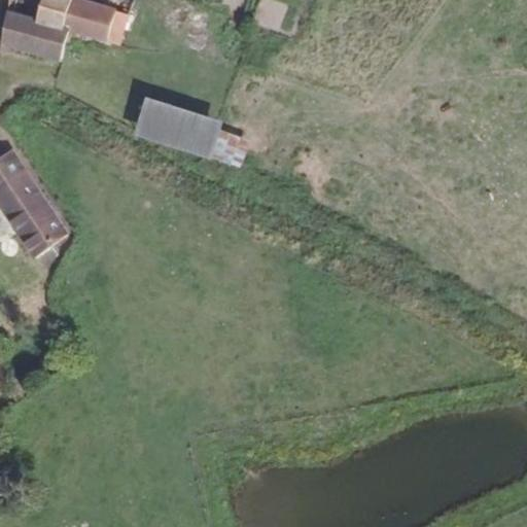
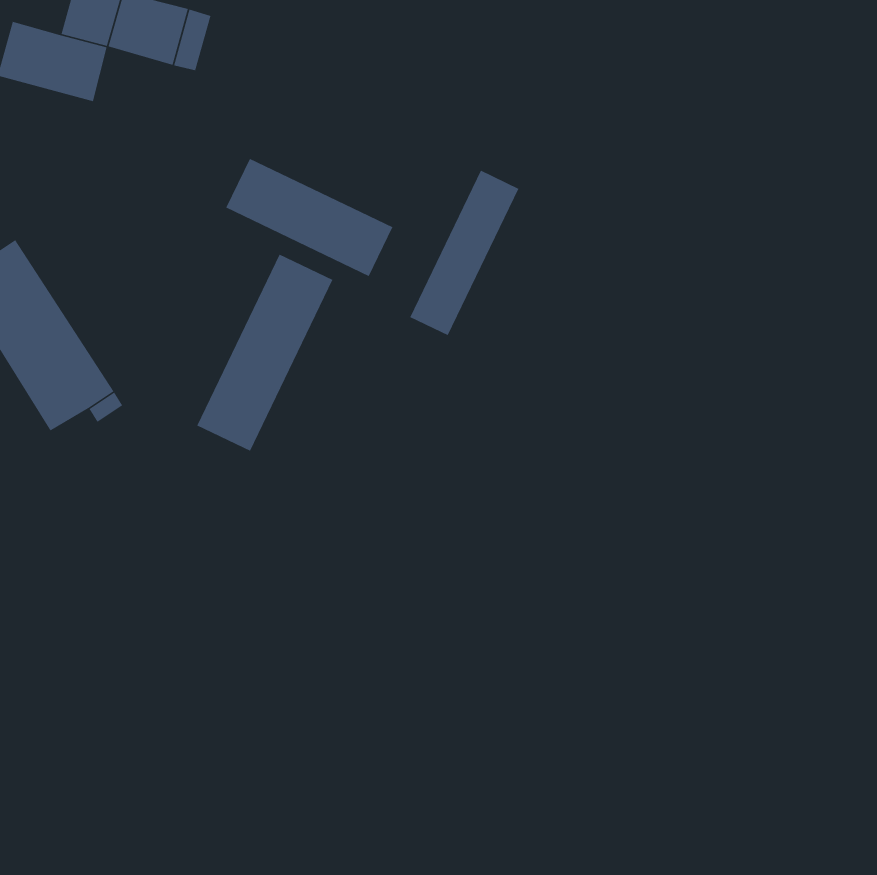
building: none -> [409,170,520,336]
building: none -> [196,254,334,452]

